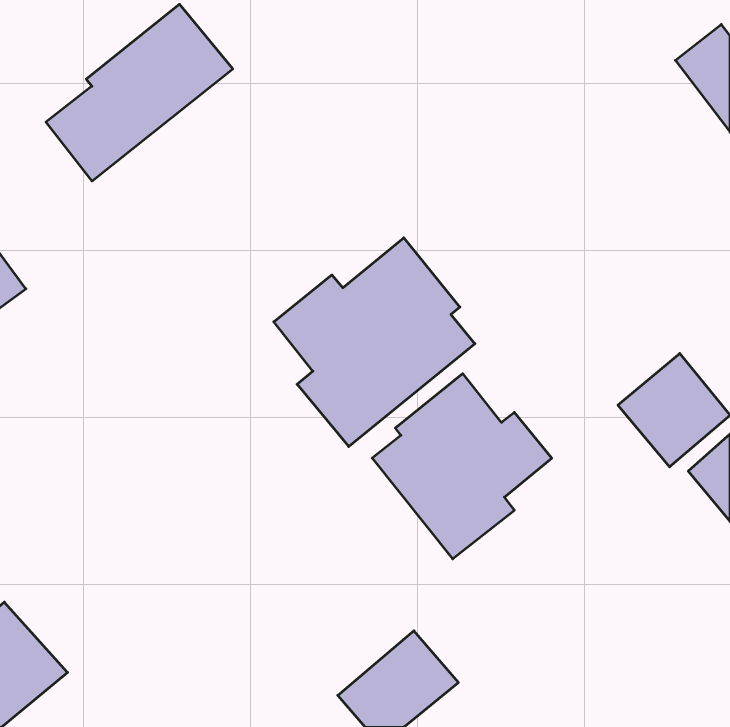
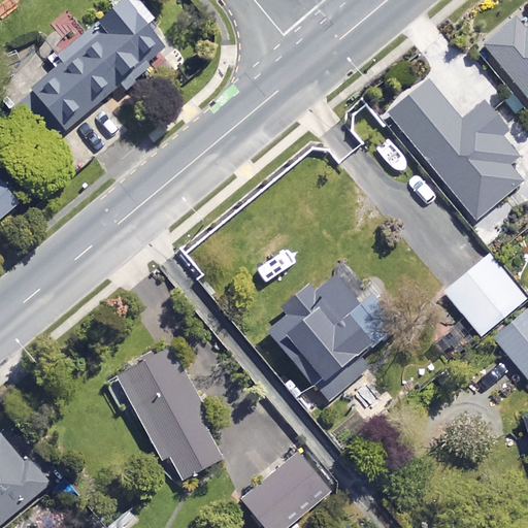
building: none -> [390,82,520,217]
building: [274,238,475,447] -> none
building: none -> [119,349,221,483]

